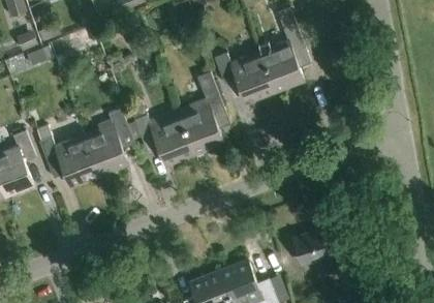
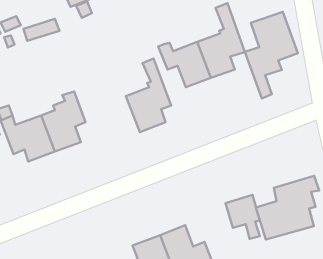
building: none -> [245,12,298,98]
building: [133,113,194,165] -> none
building: none -> [256,176,319,239]

